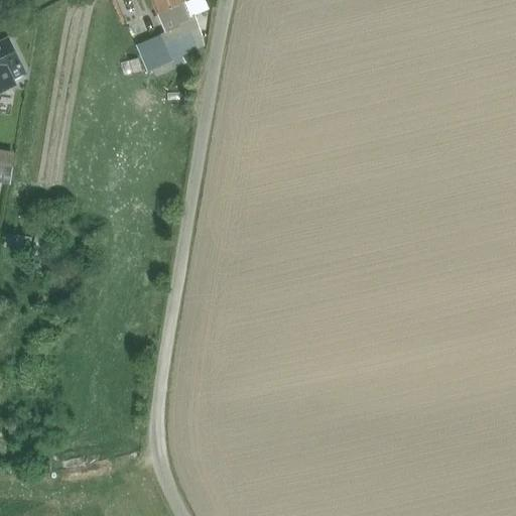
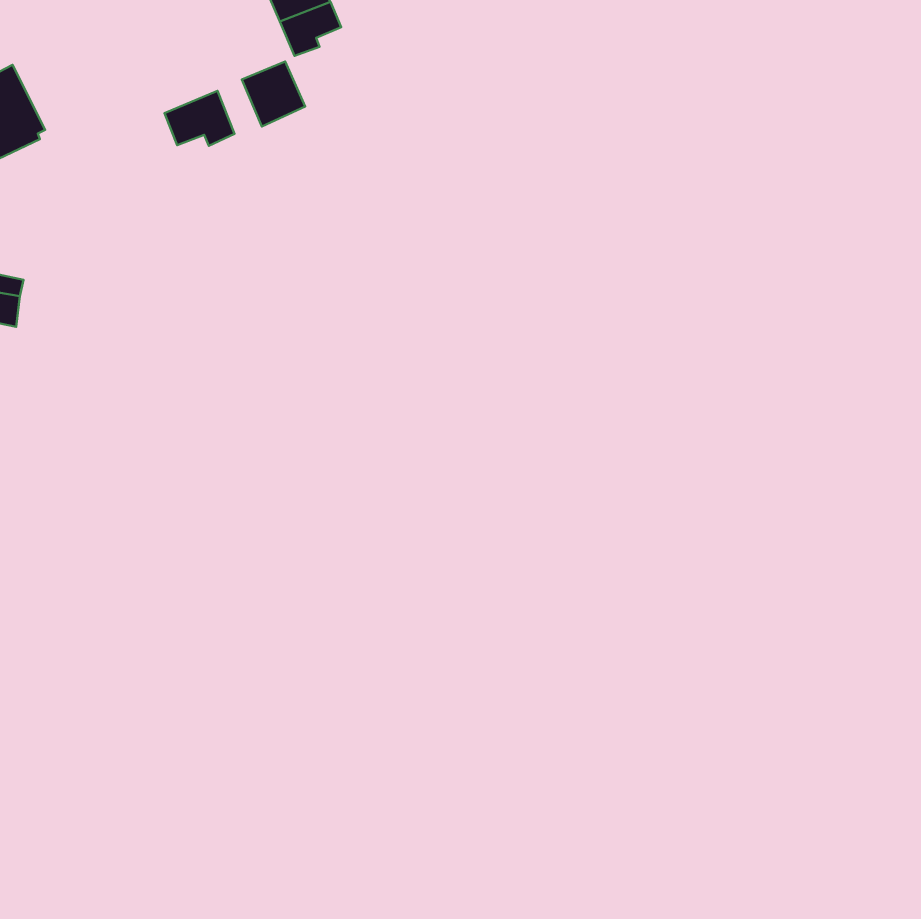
building: [159,15,203,59] -> none
building: none -> [165,91,235,146]

